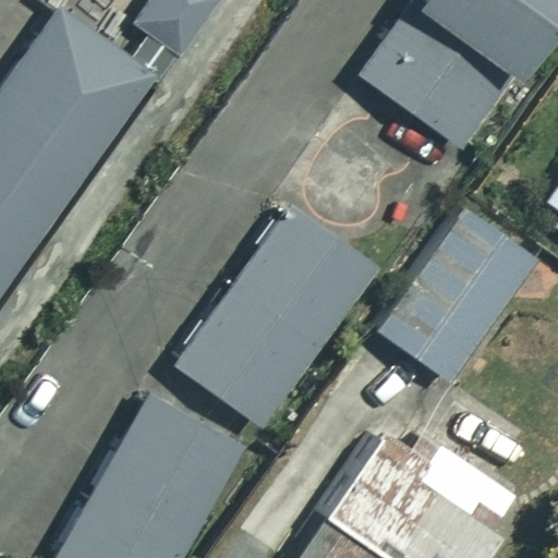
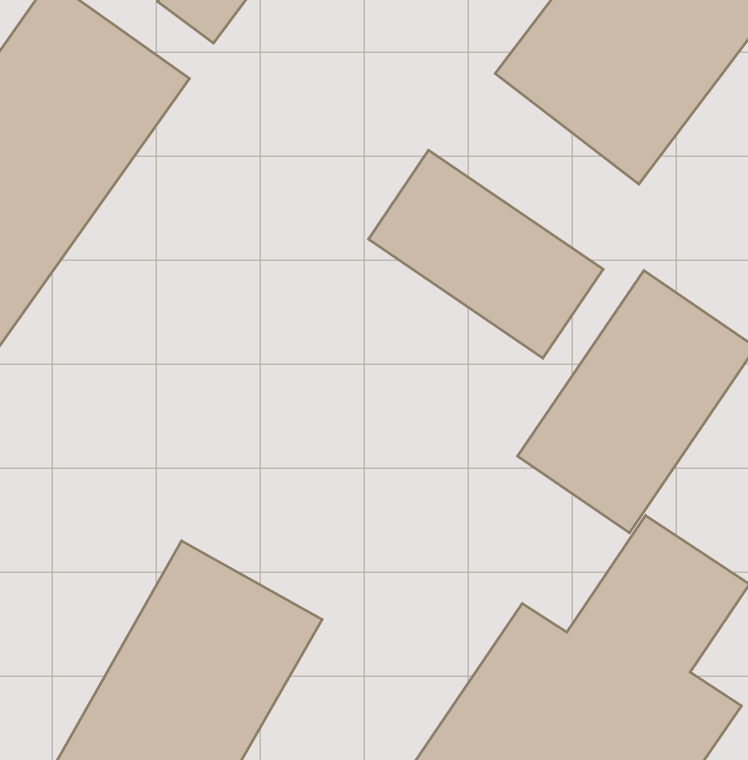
building: none -> [368,150,603,358]
building: [174,205,375,426] -> none

